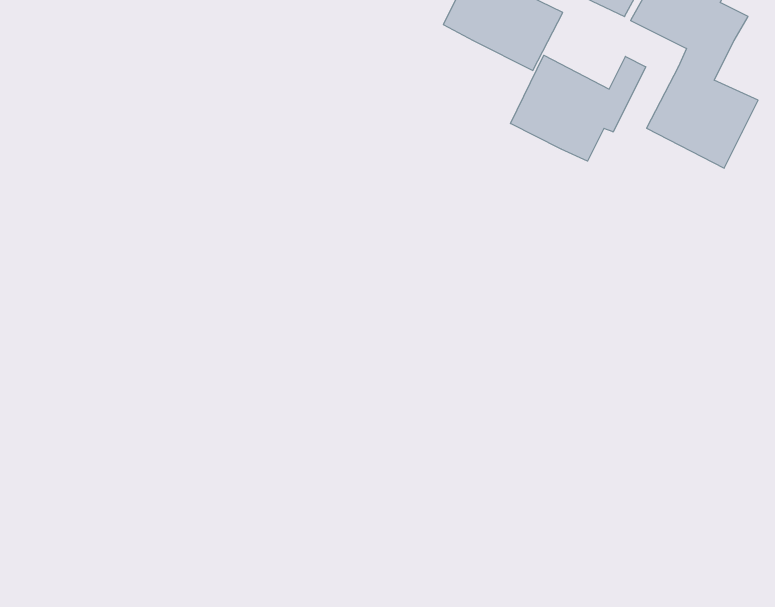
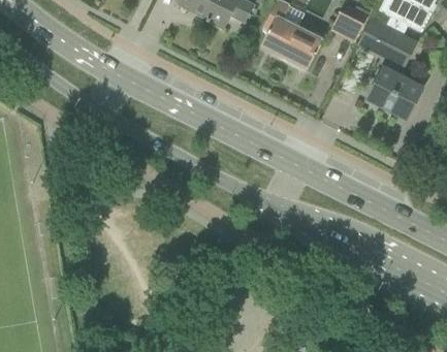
building: [511,55,646,161] -> none

